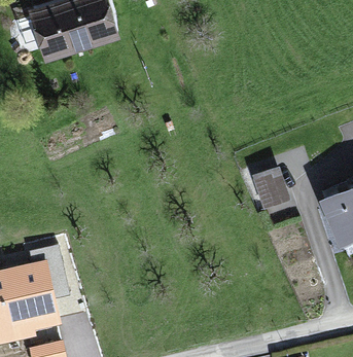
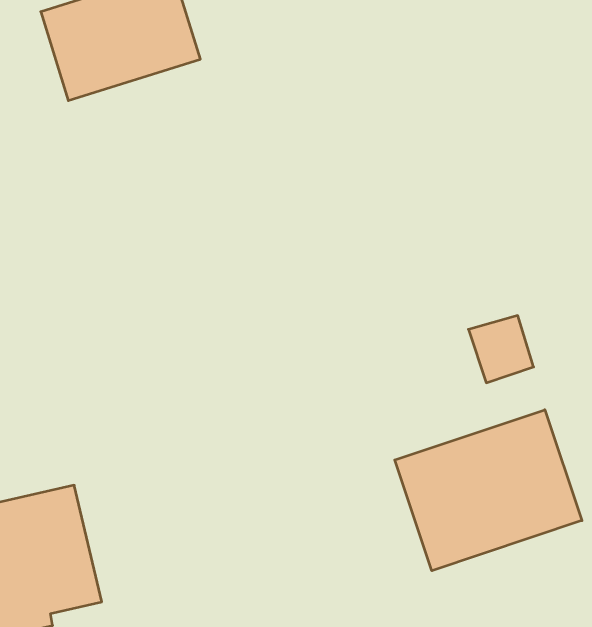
building: none -> [395,410,582,571]

